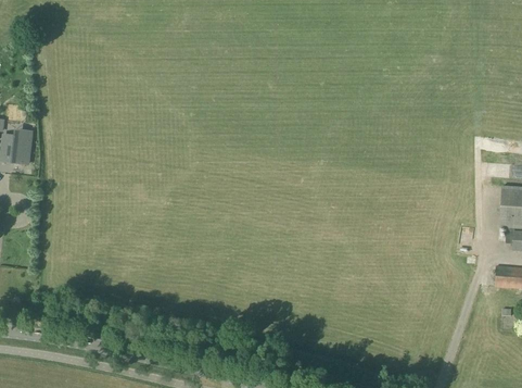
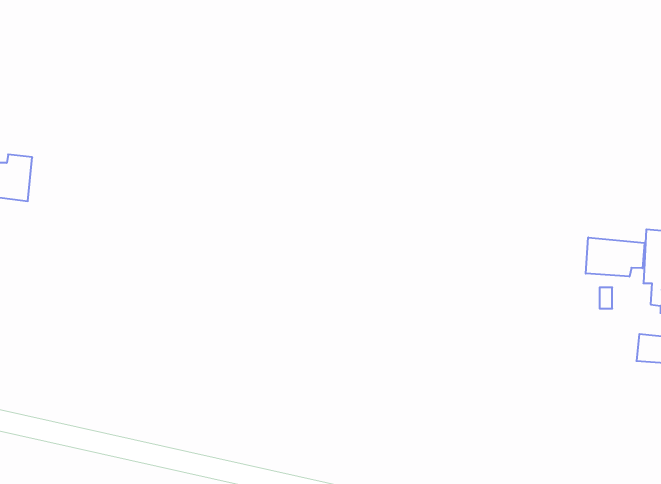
building: none -> [586,237,644,277]

